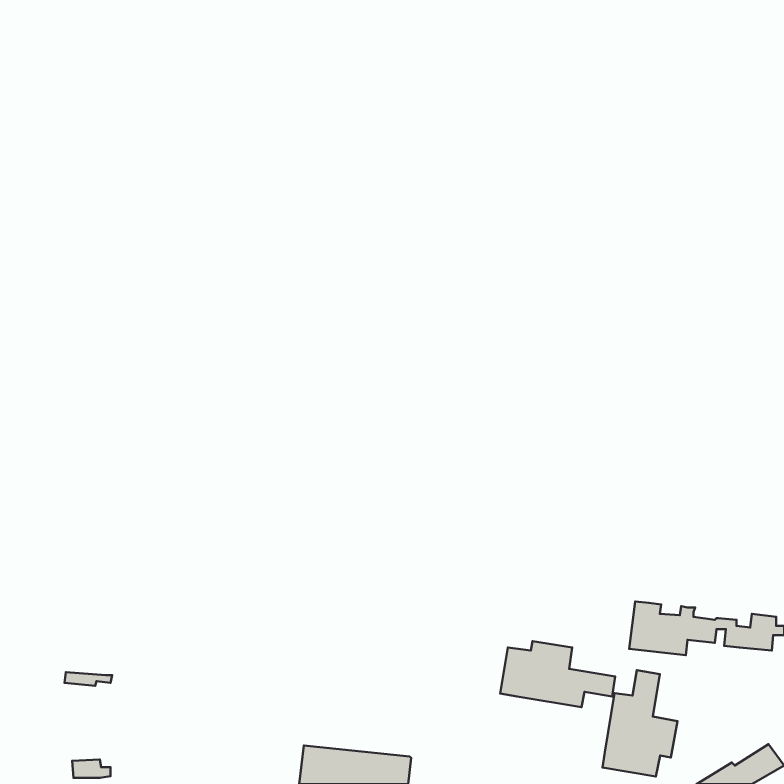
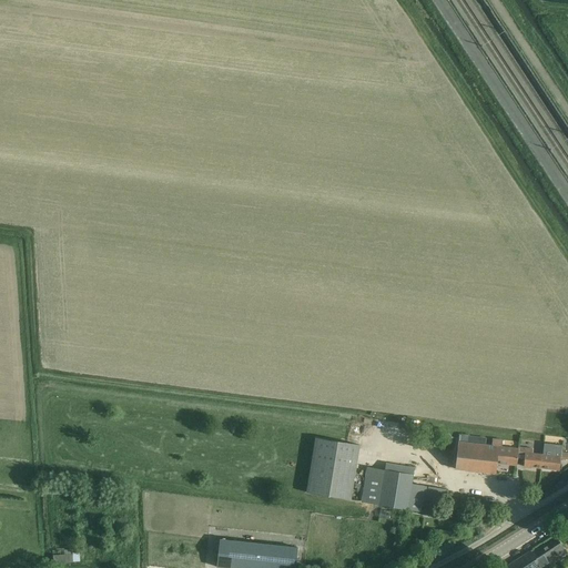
building: none -> [306,438,359,500]
building: [603,670,677,776] -> none

